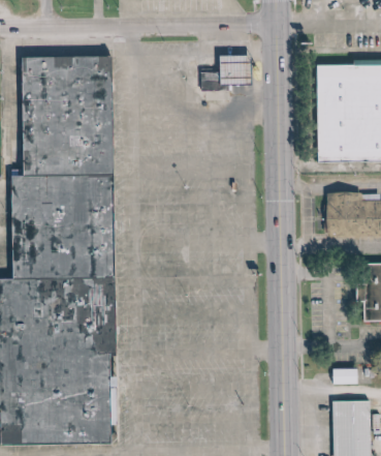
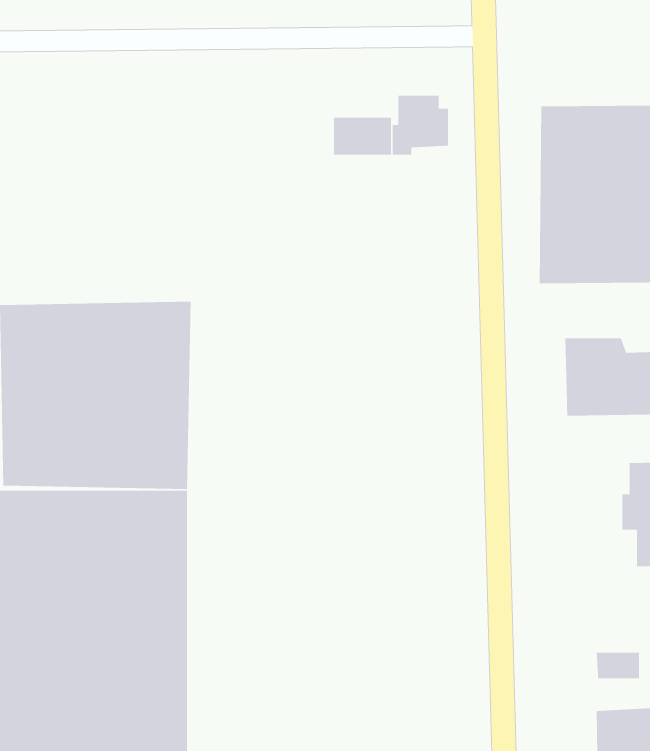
building: [18,52,114,174] -> none

